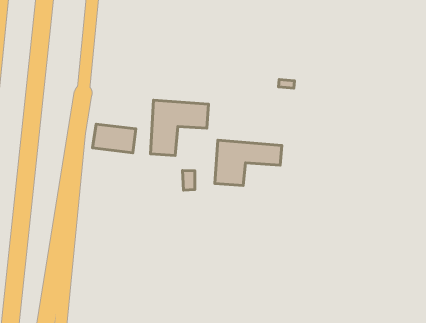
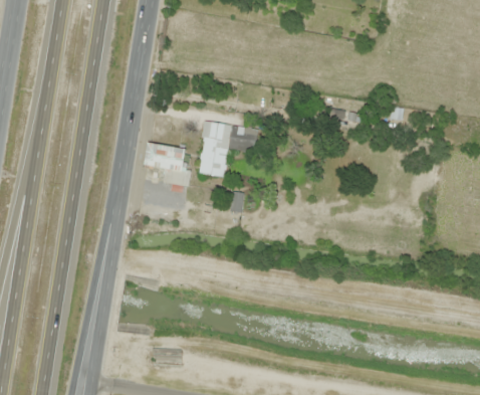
building: [215,140,282,186] -> none

